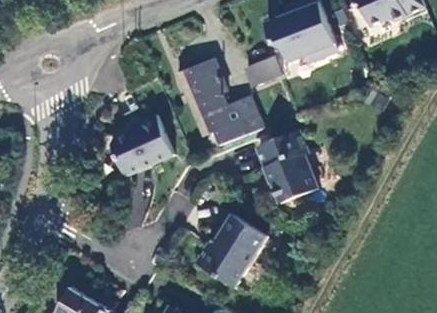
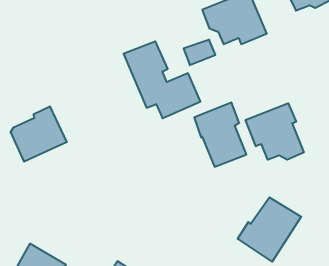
building: [110,114,174,176] -> [10,107,67,161]
building: none -> [246,103,304,160]
building: [193,215,265,288] -> [238,197,301,262]

